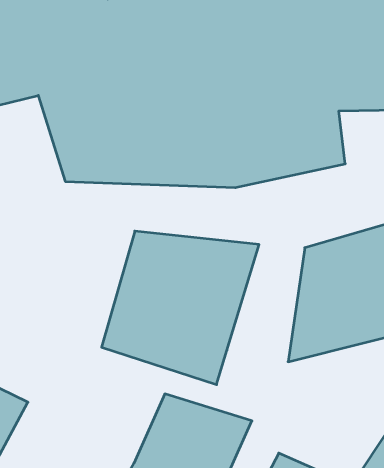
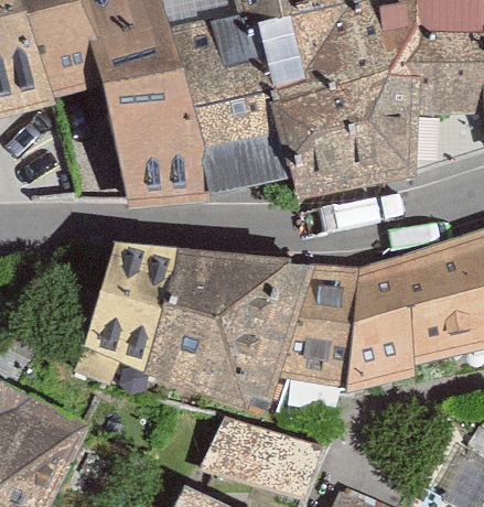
building: none -> [83,241,187,380]
building: none -> [286,262,368,387]

